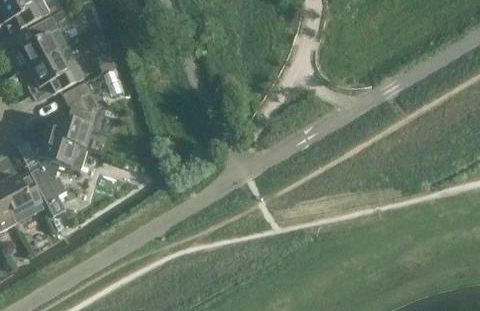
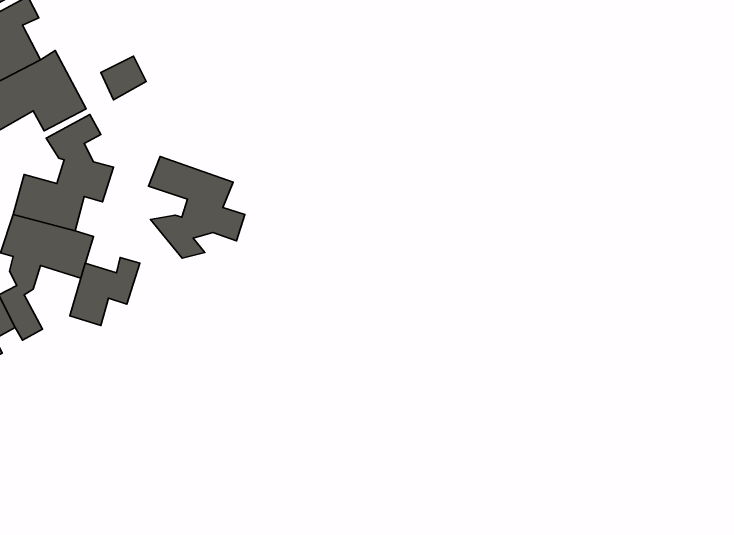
building: none -> [149,157,245,258]
building: none -> [70,258,140,325]

